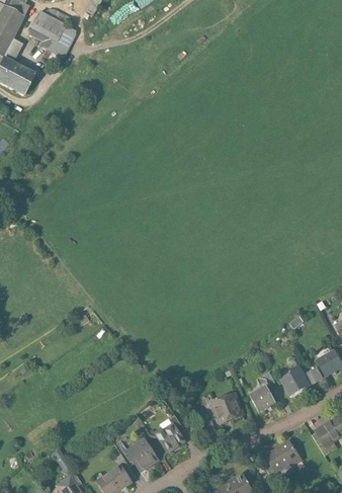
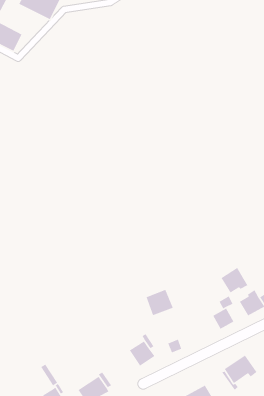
building: none -> [220,267,249,294]
building: [210,392,243,423] -> [146,289,174,316]
building: [126,438,158,468] -> none

